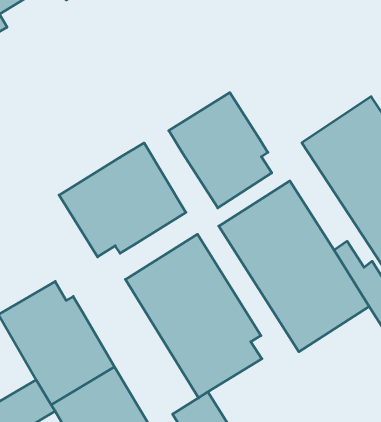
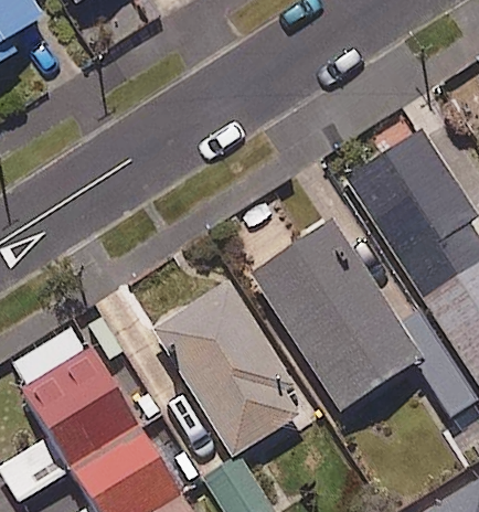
building: [169,93,272,208] -> none
building: [59,143,186,257] -> none

